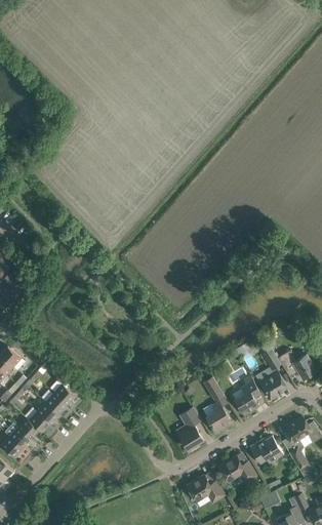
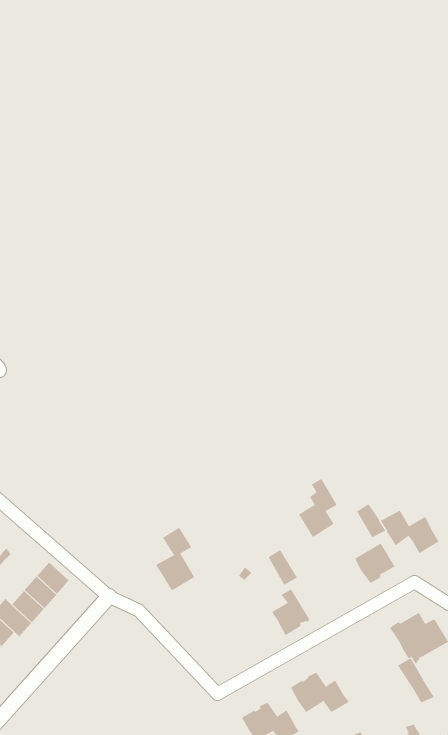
building: [234,375,259,414] -> [298,478,338,538]
building: [175,406,202,448] -> [154,527,195,591]
building: [248,436,282,463] -> none

